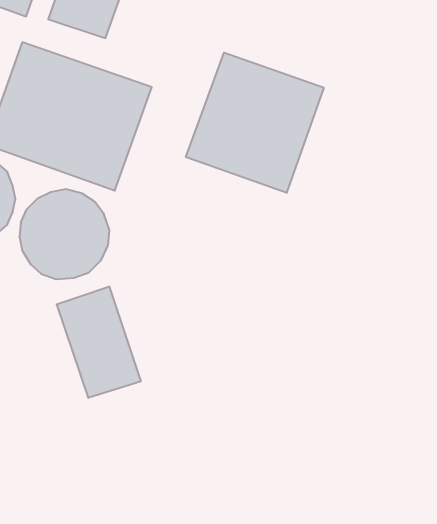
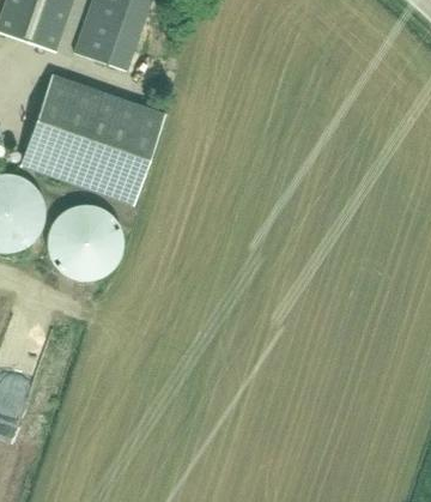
building: [186,53,324,193] -> none
building: [57,286,141,398] -> none

